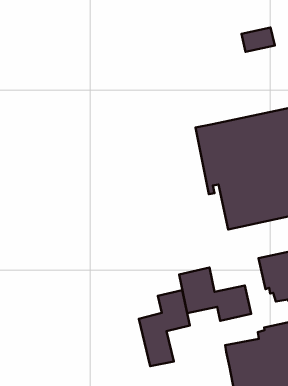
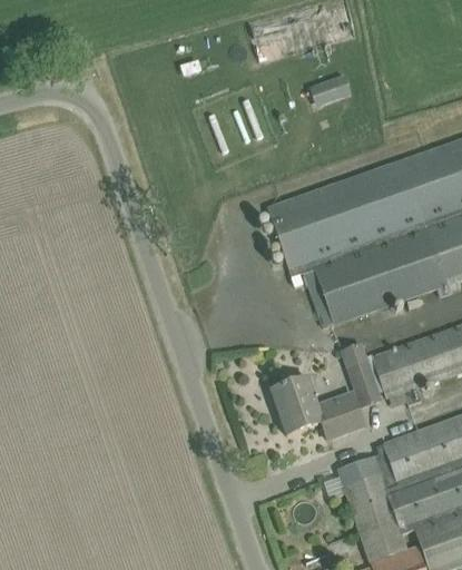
building: none -> [342,344,381,405]
building: [139,290,190,366] -> none

